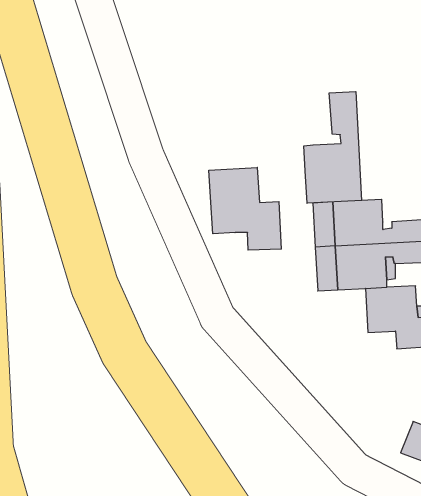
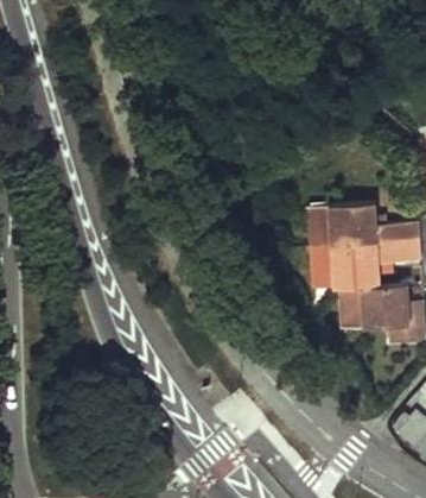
building: [304,92,362,203] -> none
building: [209,167,281,250] -> none

